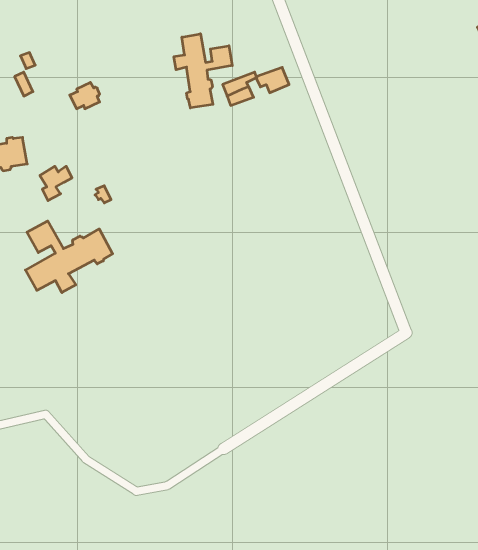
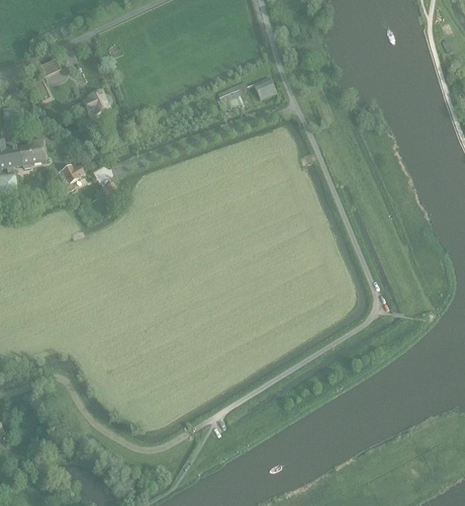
building: [174,34,232,108] -> none
building: [25,221,113,293] -> none

